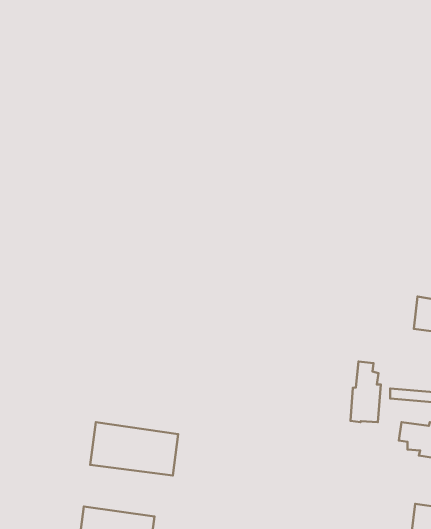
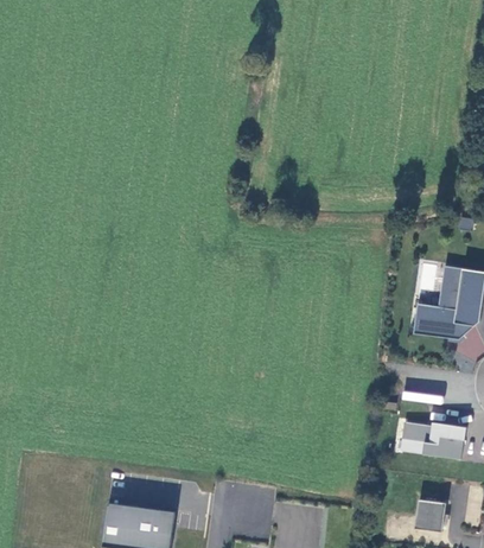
building: [351,362,381,422] -> none
building: [90,422,178,476] -> none

